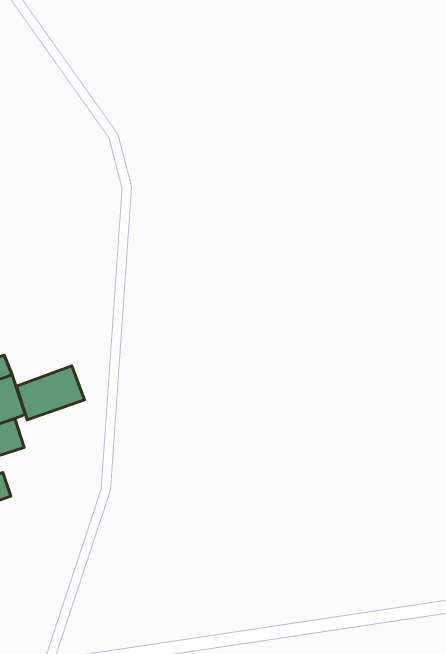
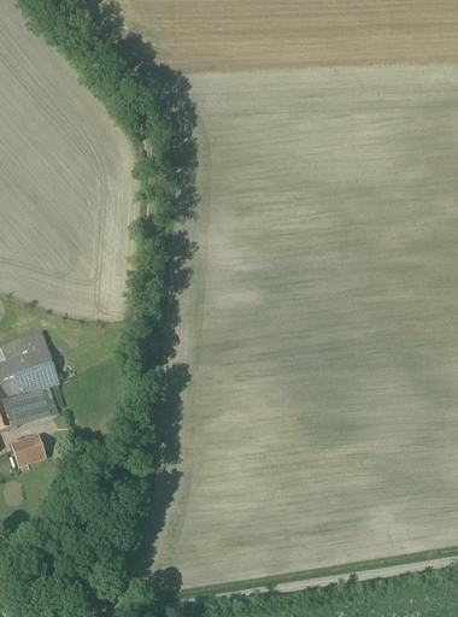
building: [17,366,84,420] -> none

